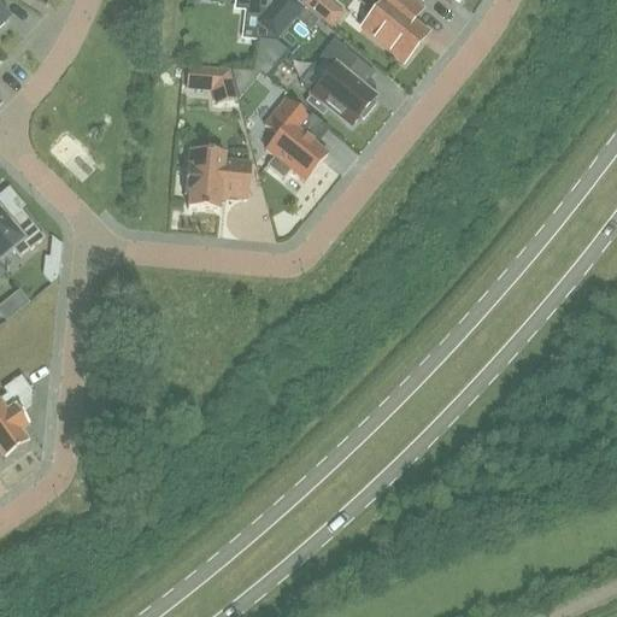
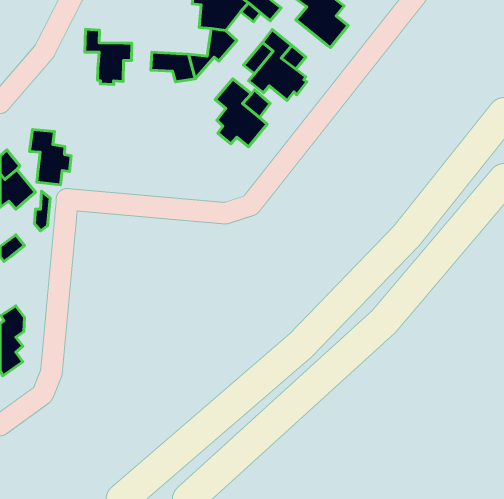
building: none -> [85,29,132,85]
building: [183,148,249,210] -> none
building: none -> [29,129,71,185]

